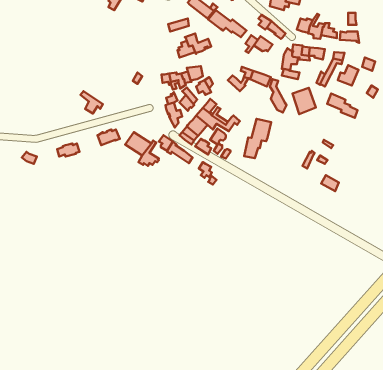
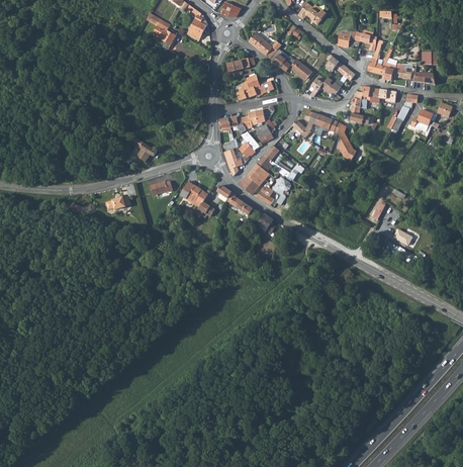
building: [293,88,316,114] -> none
building: [327,94,358,118] -> none
building: [244,119,271,158] -> none

